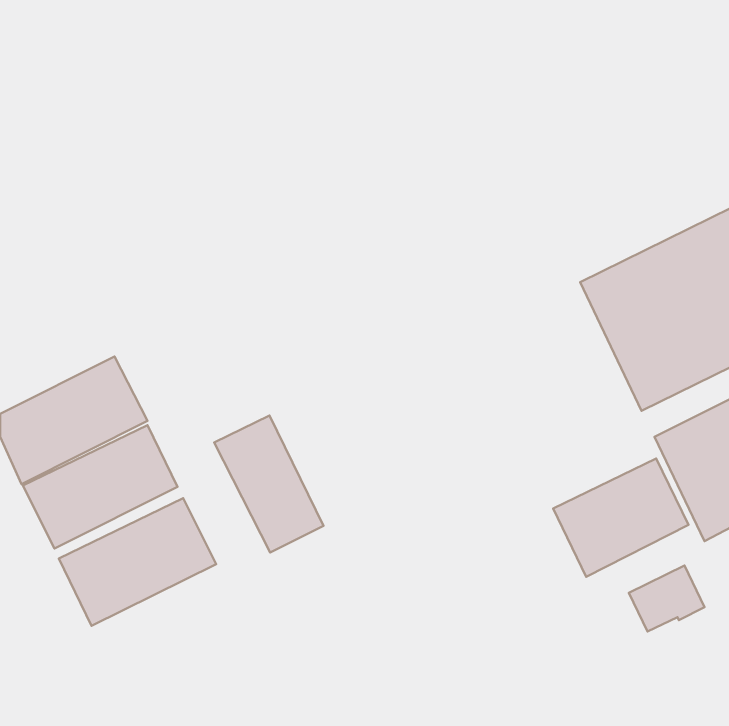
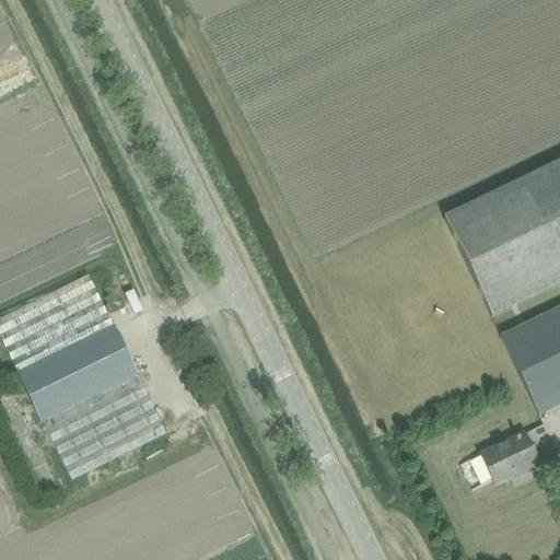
building: [214,415,324,553] -> none
building: [553,459,689,577] -> none

